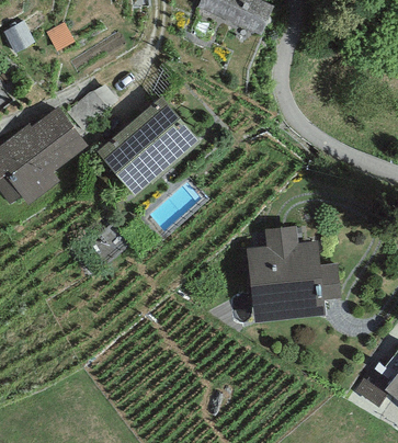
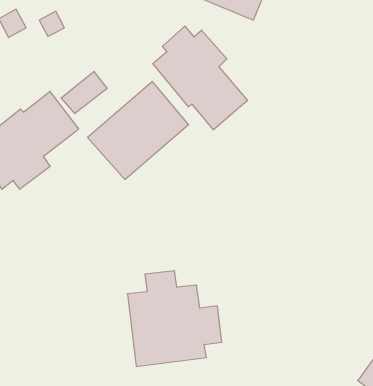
building: none -> [153,26,248,130]
building: [247,227,341,322] -> [127,271,222,366]

